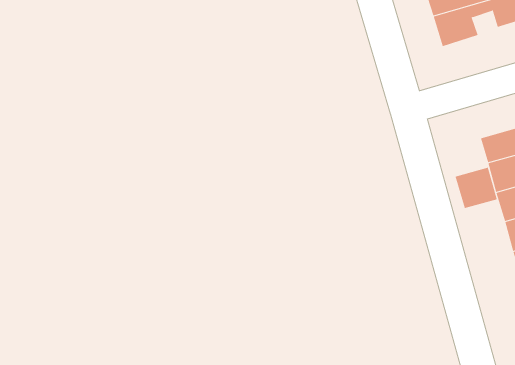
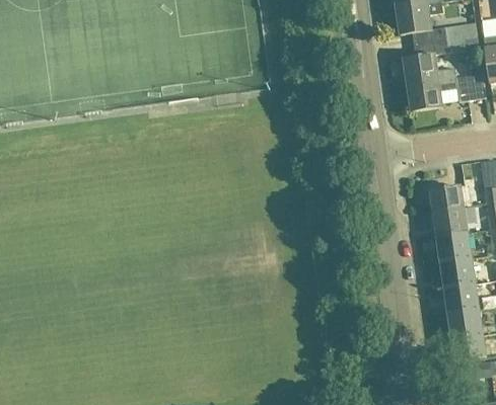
building: [455,167,497,209] -> none

